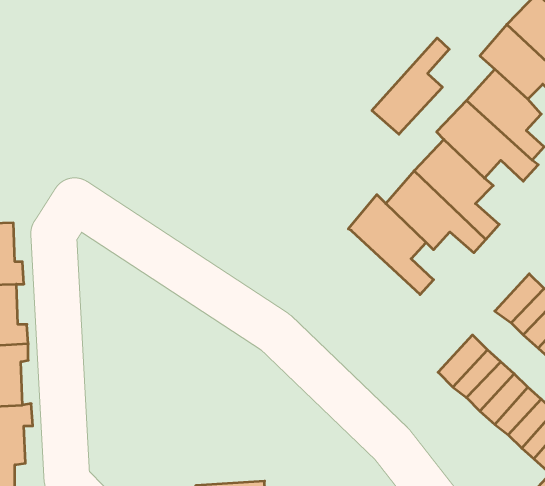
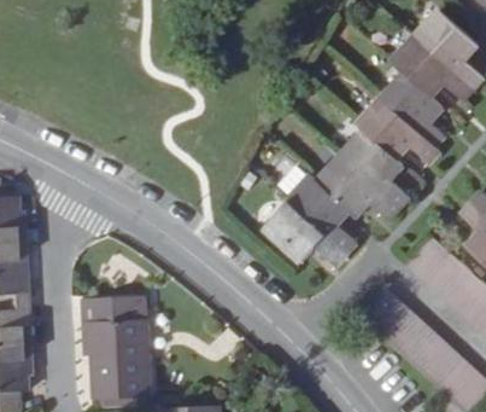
building: [372,38,449,134] -> none
building: none -> [263,202,344,265]
building: none -> [82,302,148,399]

